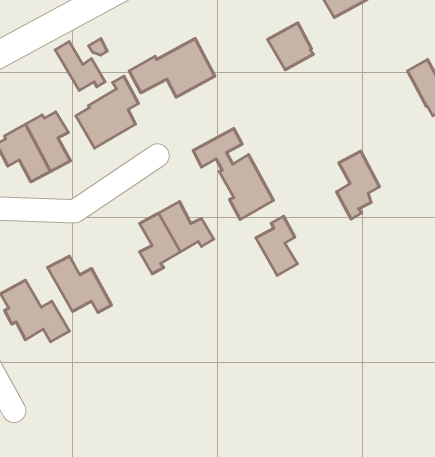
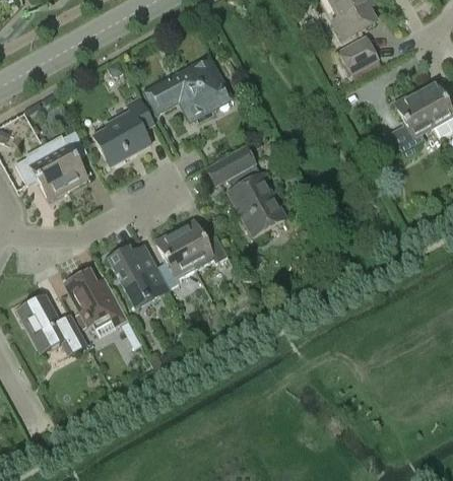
building: [267,23,313,70] -> [335,35,380,80]
building: [55,41,105,91] -> none
building: [337,151,380,219] -> [391,91,433,157]
building: [256,216,297,276] -> none
building: none -> [109,247,167,307]

